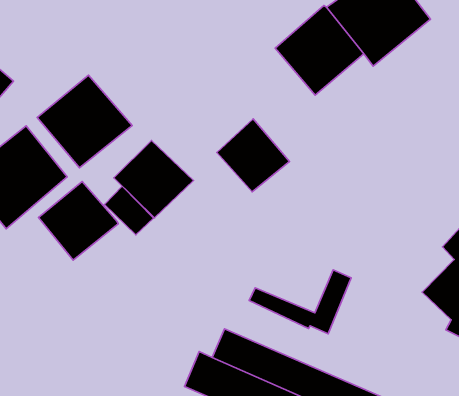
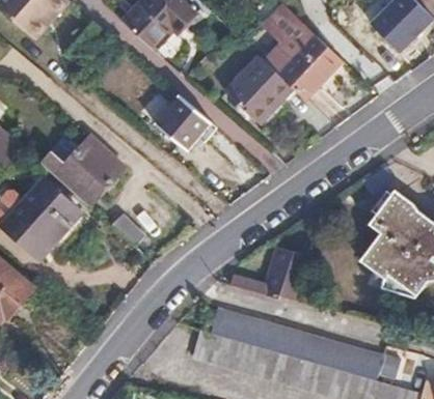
building: [217,119,290,192] -> [155,94,211,149]
building: [114,141,193,218] -> none
building: [38,181,118,260] -> none

